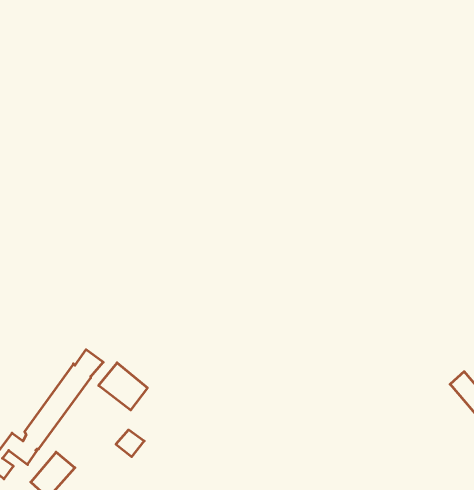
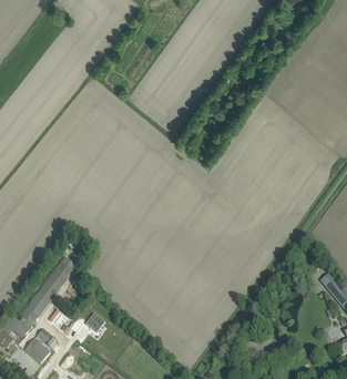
building: [99,363,147,410] -> none

